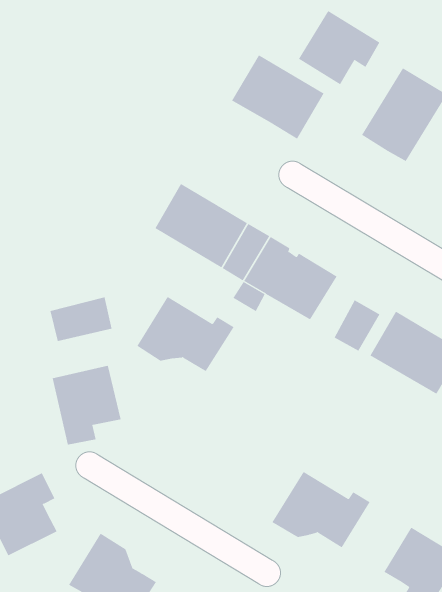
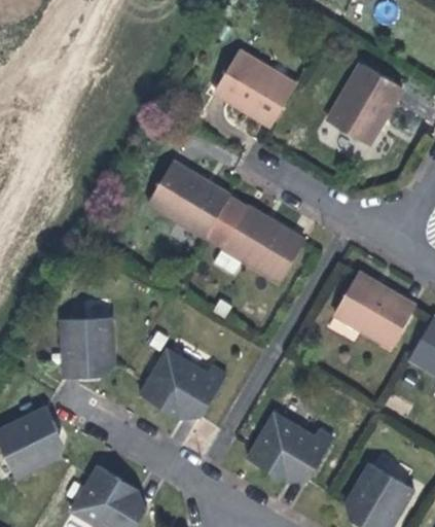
building: [298,10,380,85] -> none
building: [136,296,234,372] -> [141,348,226,414]
building: [50,297,112,342] -> none
building: [334,299,380,352] -> none

